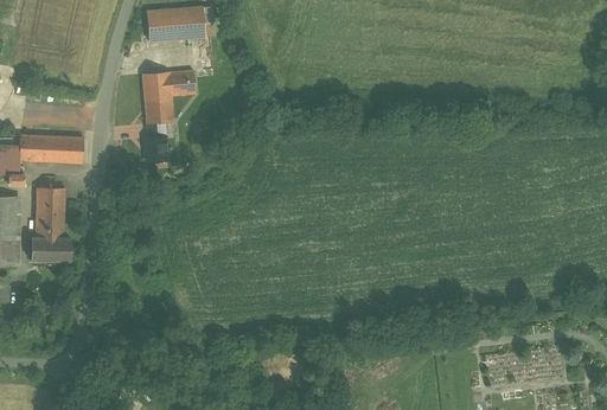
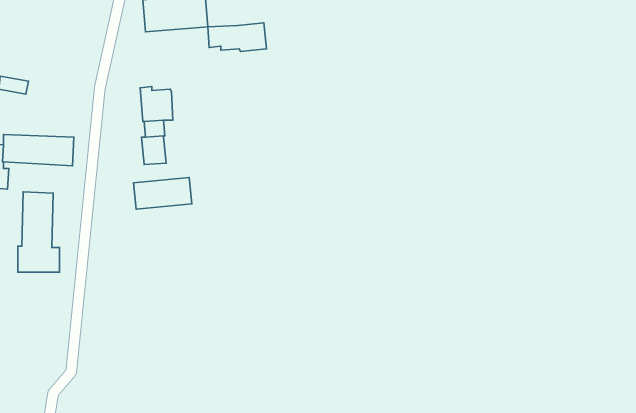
building: [142,70,196,96] -> [208,23,266,51]
building: none -> [134,177,192,209]

